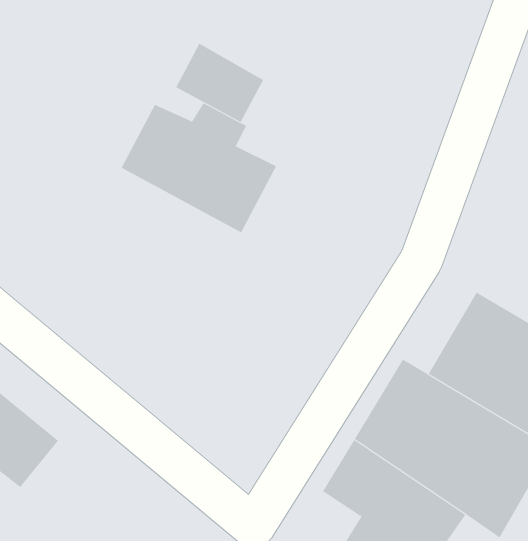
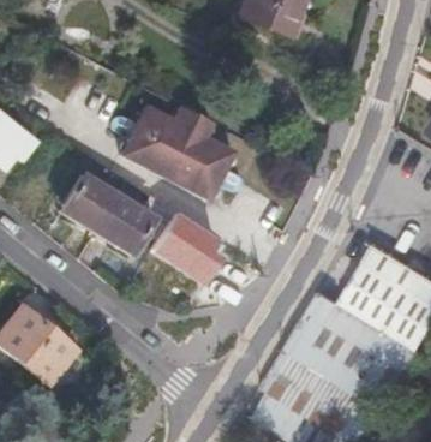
building: [175,43,264,123] -> none
building: none -> [59,173,151,250]
building: none -> [152,210,227,279]

